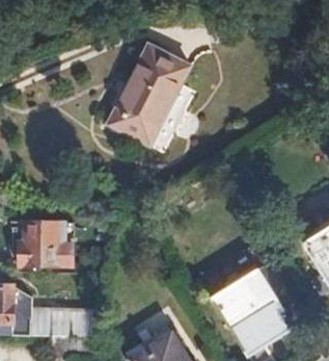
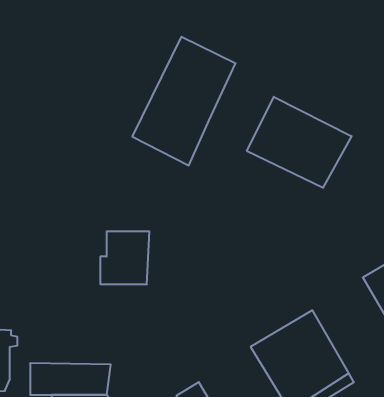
building: none -> [247,97,352,188]
building: [18,223,58,266] -> [100,231,149,284]

